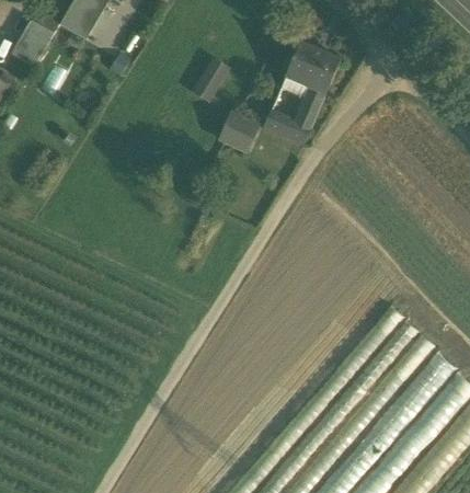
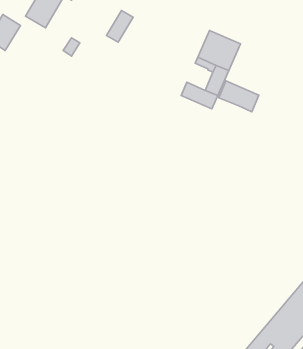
building: [195,58,230,100] -> [106,10,133,42]
building: none -> [219,81,259,112]
building: [222,113,259,149] -> none

